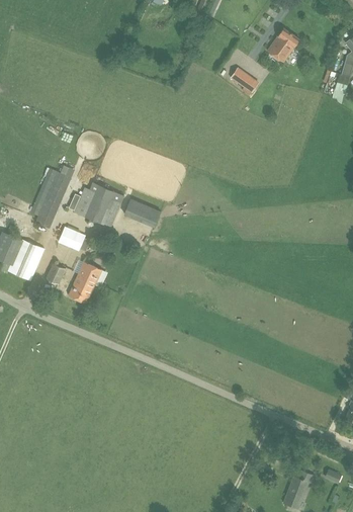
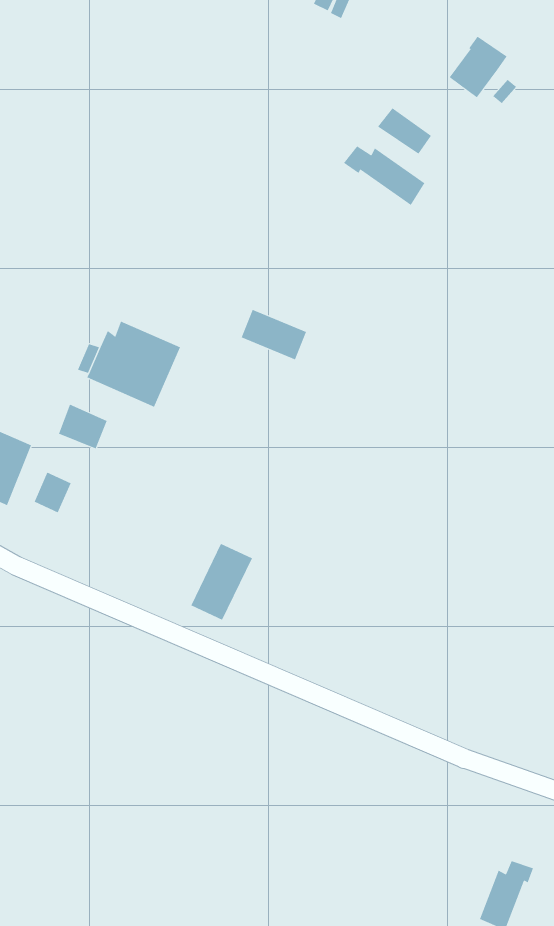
building: none -> [343,145,425,206]
building: [34,171,71,228] -> none
building: [123,198,159,226] -> [241,309,307,360]
building: [68,261,101,303] -> [190,543,253,620]

